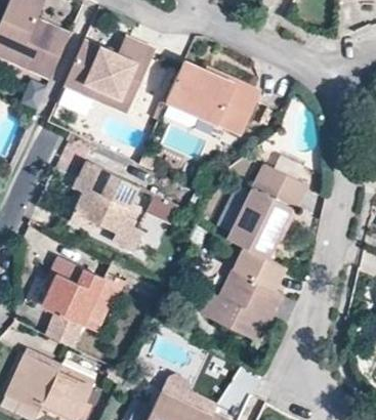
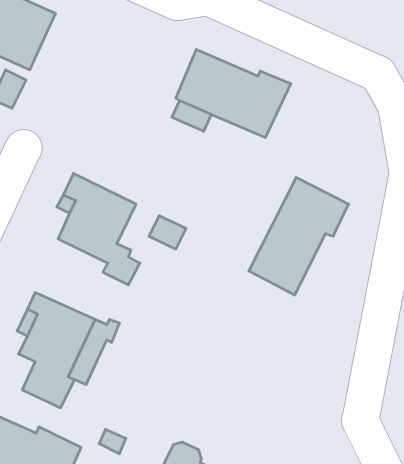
building: [66,35,152,110] -> none
building: [202,250,285,343] -> none

